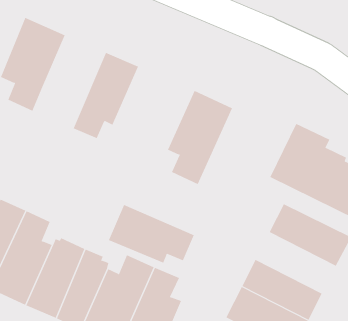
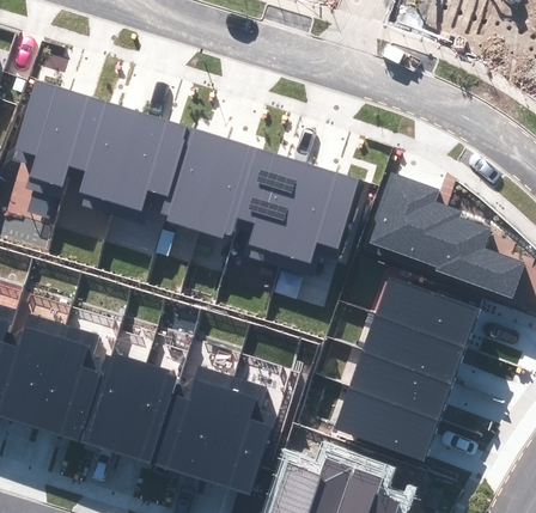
building: none -> [69,98,142,214]
building: none -> [160,127,260,238]
building: none -> [279,165,363,276]
building: [108,204,195,263] -> none
building: none -> [361,316,464,385]

